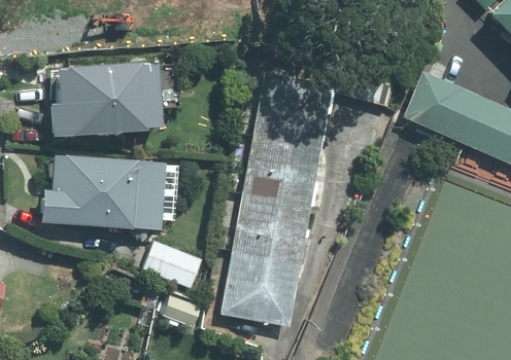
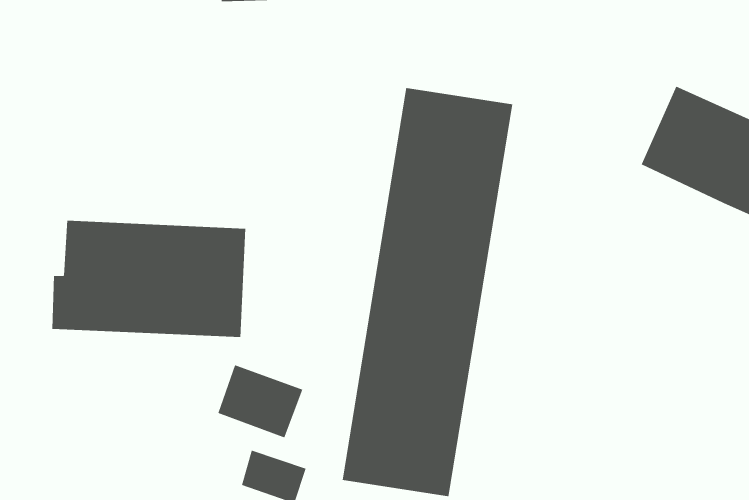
building: [54,62,165,133] -> none

